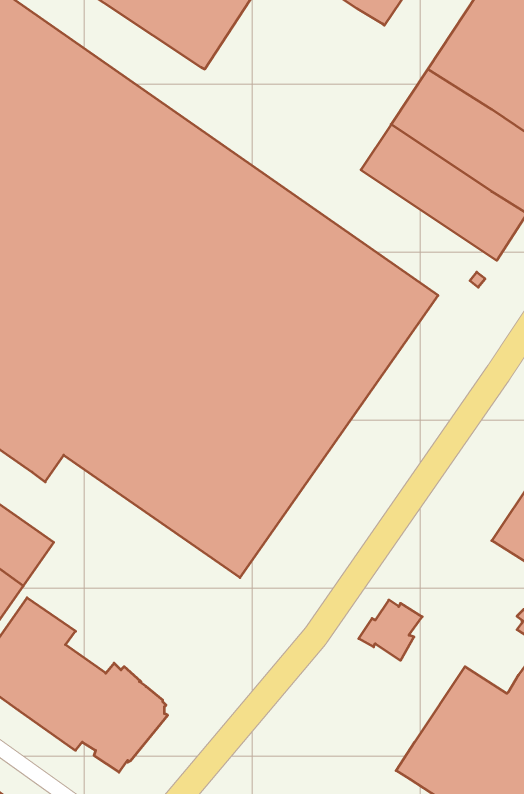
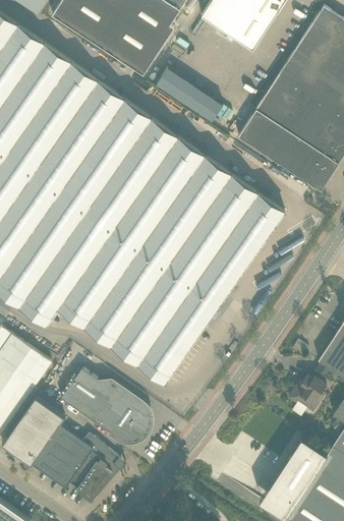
building: none -> [158,67,226,122]
building: none -> [60,369,150,443]
building: [359,600,422,660] -> [287,377,326,413]

